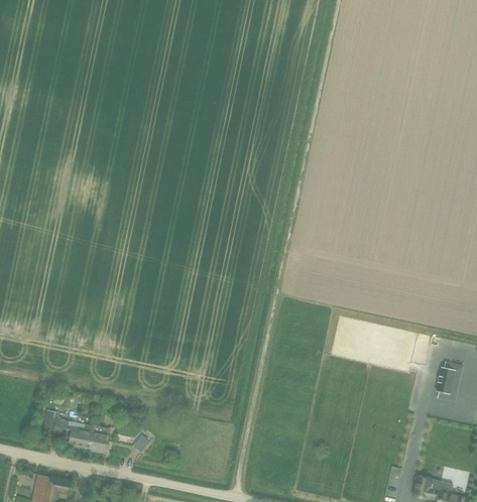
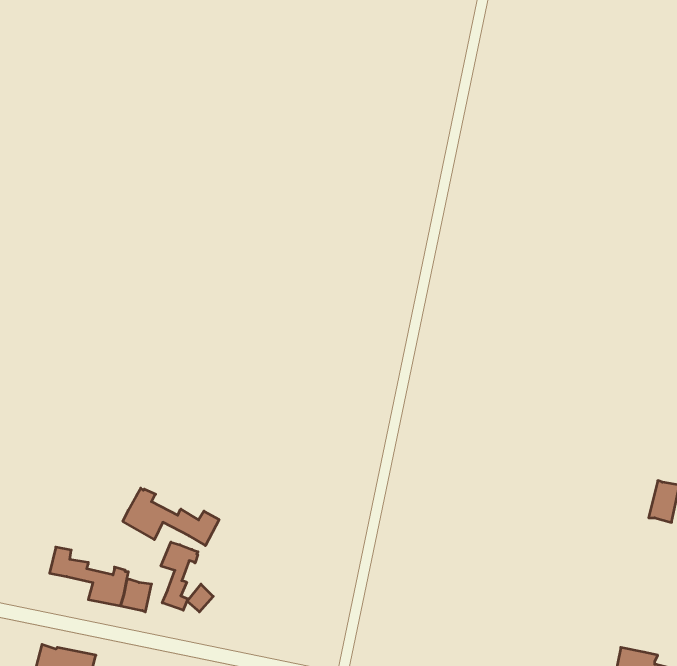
building: none -> [123,488,219,546]
building: none -> [161,542,198,610]

